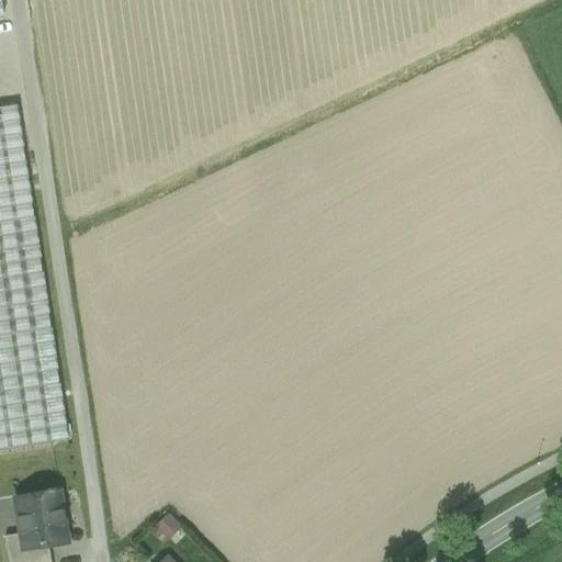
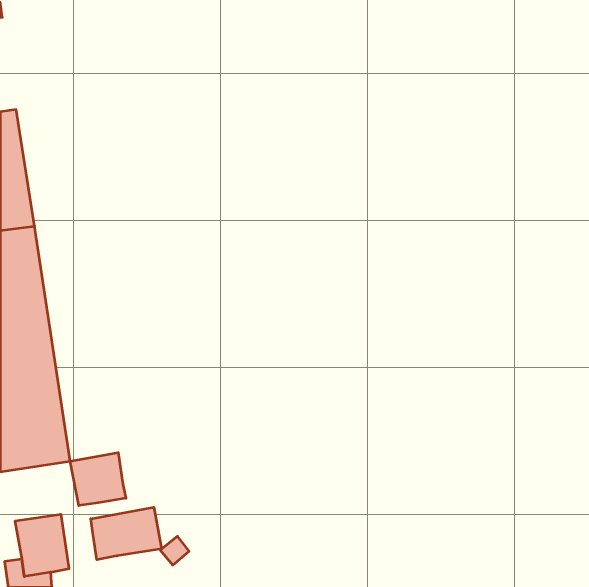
building: none -> [70,453,126,506]
building: none -> [91,507,162,560]

